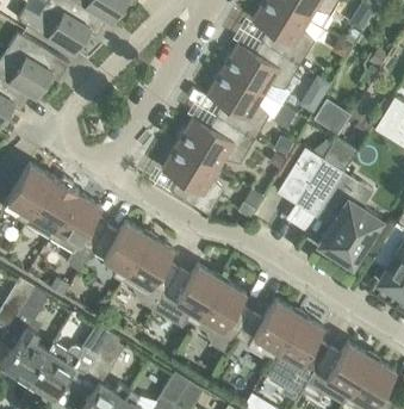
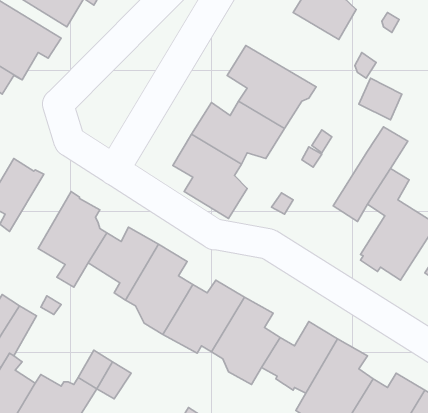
building: [222,43,299,105] -> none
building: [275,148,323,204] -> none
building: [25,178,76,240] -> none

